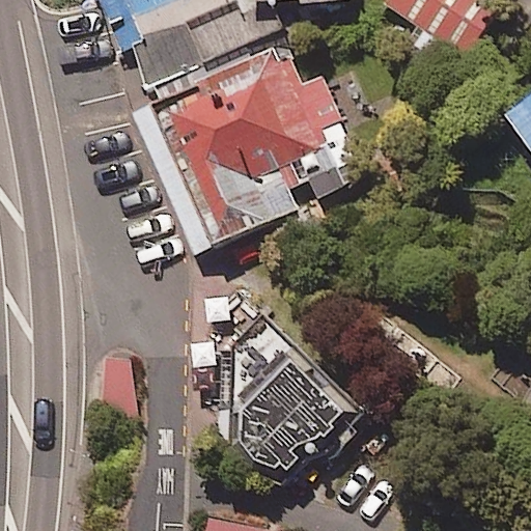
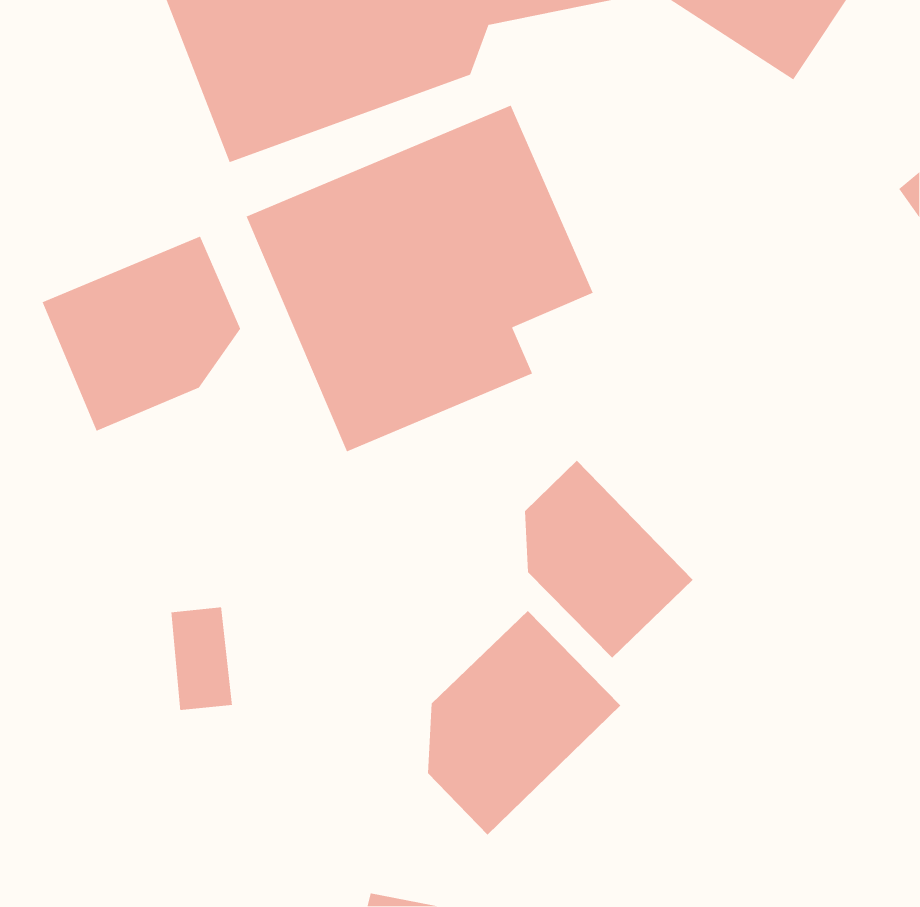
building: none -> [41,235,241,432]
building: none -> [524,460,693,658]

